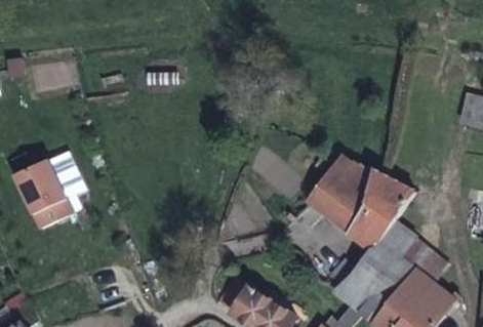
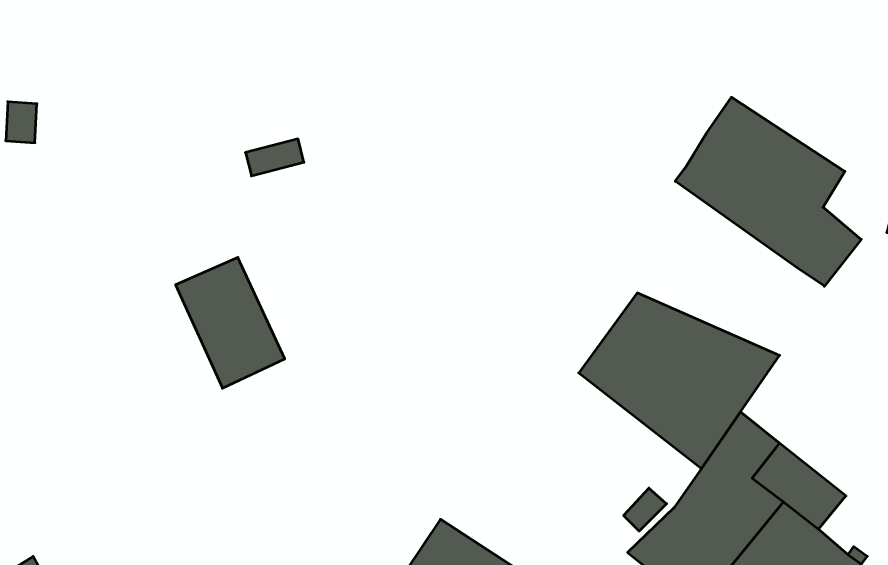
building: none -> [675,97,861,286]
building: [13,161,71,230] -> [176,257,285,388]

